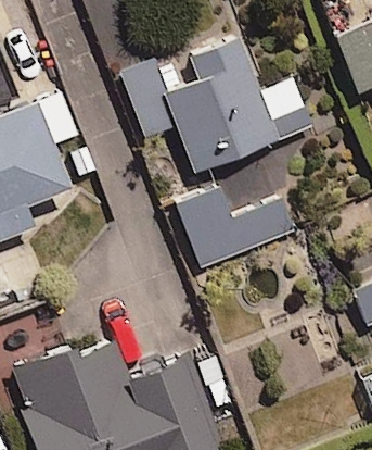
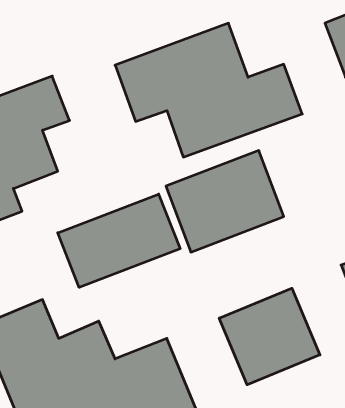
building: none -> [58,194,180,287]
building: none -> [219,288,320,385]

